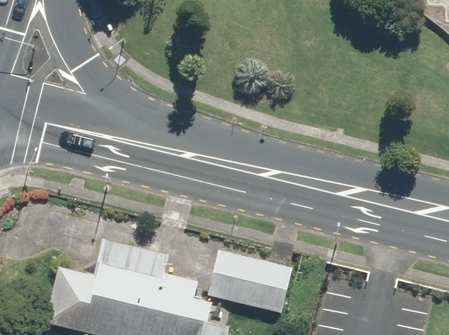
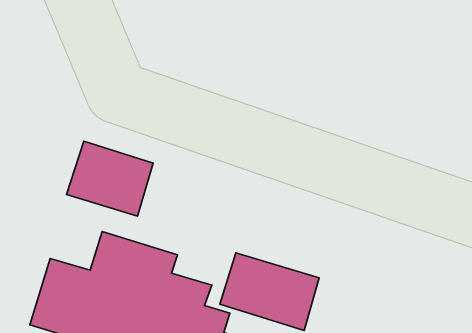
building: none -> [66,141,153,216]

